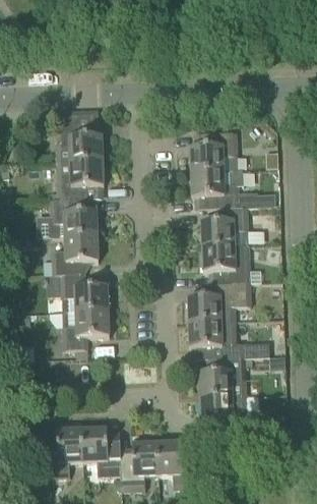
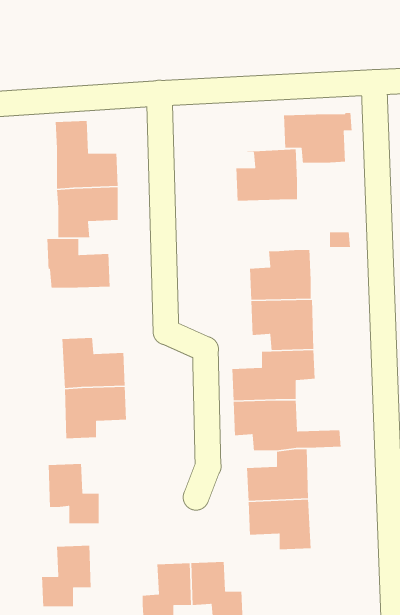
building: [192,169,244,208] -> [283,112,353,164]
building: [52,235,99,274] -> none
building: [82,428,121,473] -> [48,463,100,524]

